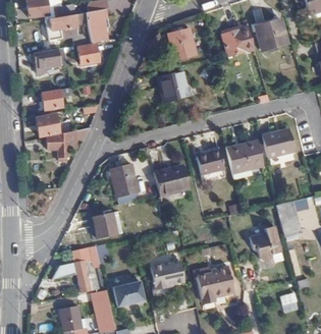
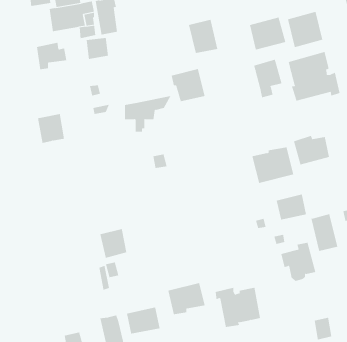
building: none -> [288,51,340,102]
building: none -> [253,59,282,98]
building: [41,87,71,113] -> none
building: [48,127,90,160] -> [124,96,172,132]
building: [196,150,223,173] -> [276,194,307,220]
building: [110,163,135,197] -> none
building: [153,167,186,194] -> none
building: [52,260,98,292] -> none

